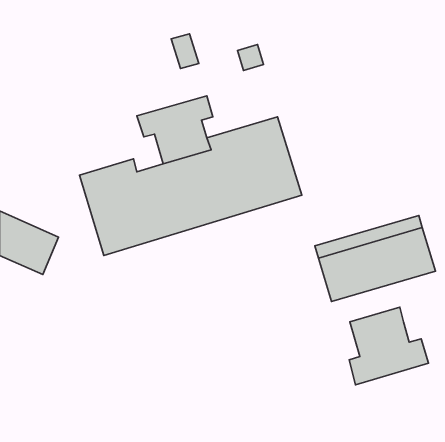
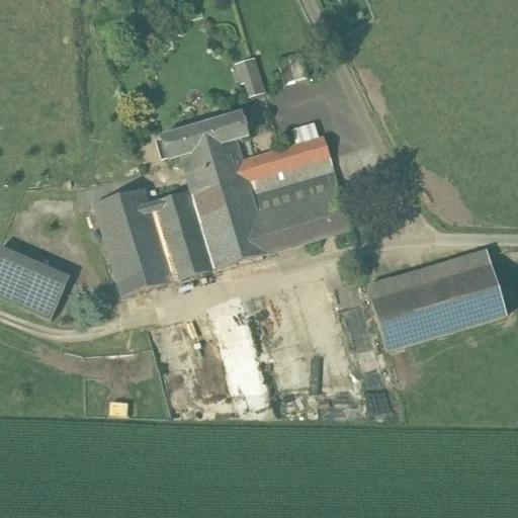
building: [171,34,199,69] -> [234,54,266,94]
building: [349,307,428,385] -> none

